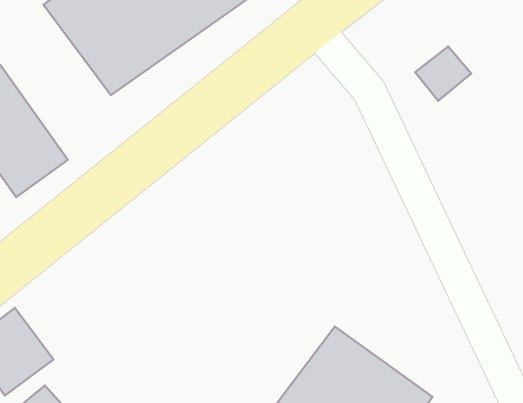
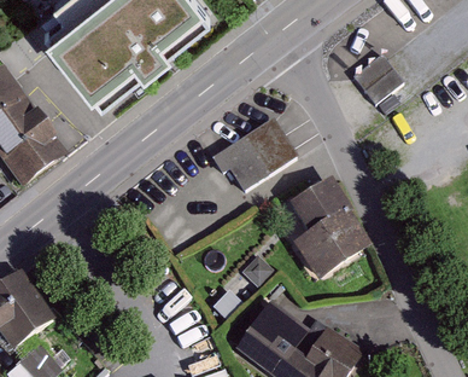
building: none -> [207,118,293,190]
building: none -> [293,184,373,283]

